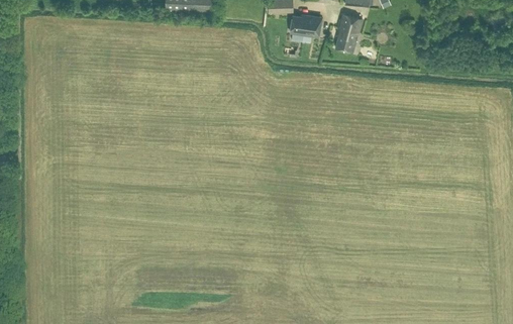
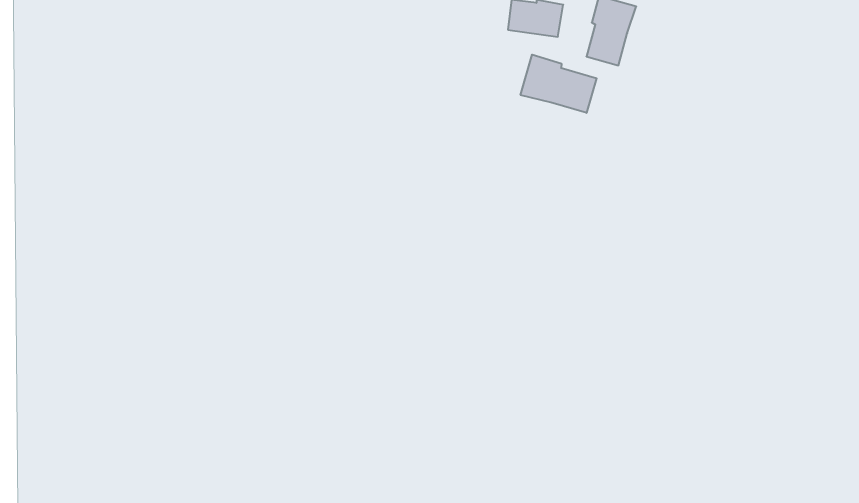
building: none -> [521,55,597,113]

